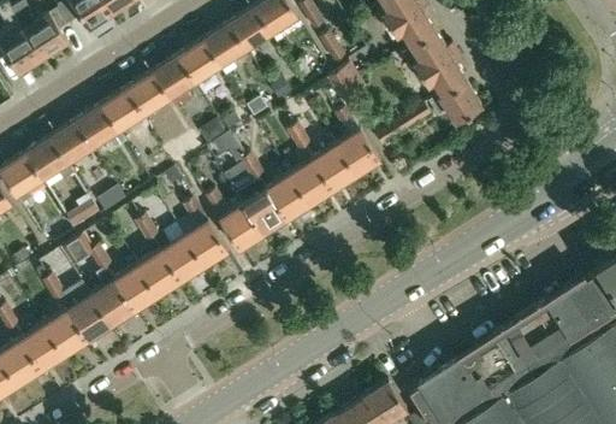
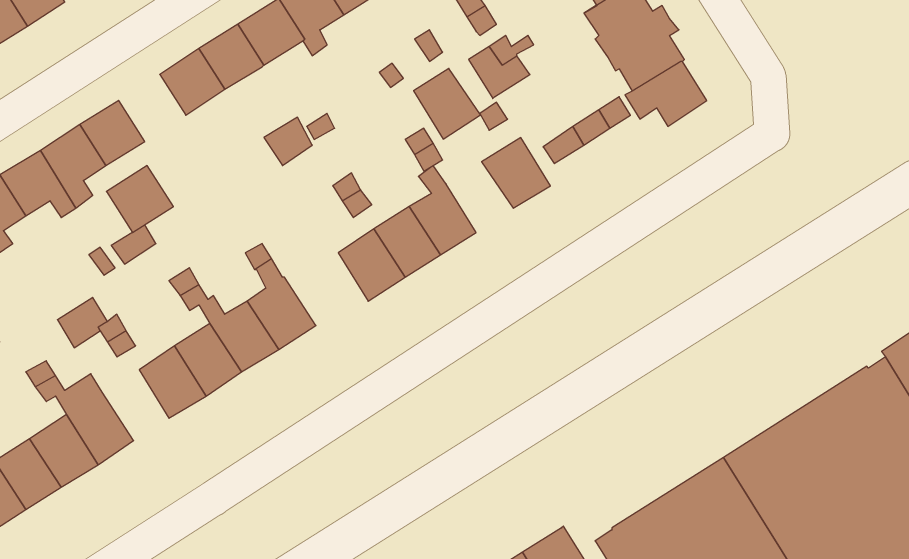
building: [101,88,144,131] -> [106,166,173,233]
building: [313,145,356,190] -> [414,68,481,139]
building: [205,189,262,251] -> none
building: [90,279,134,325] -> none

